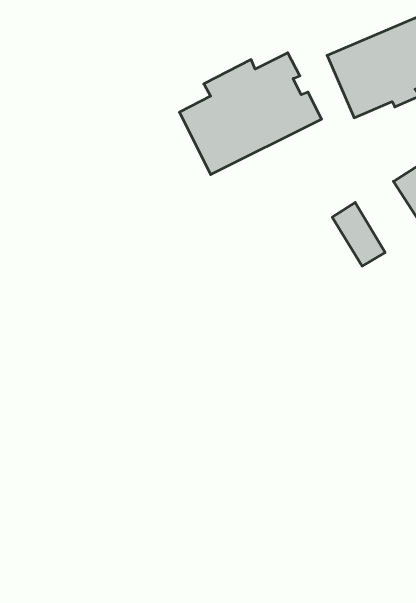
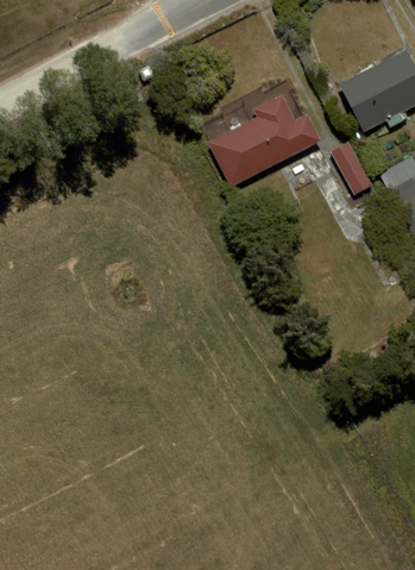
building: [332,202,385,266] -> [328,140,375,196]

